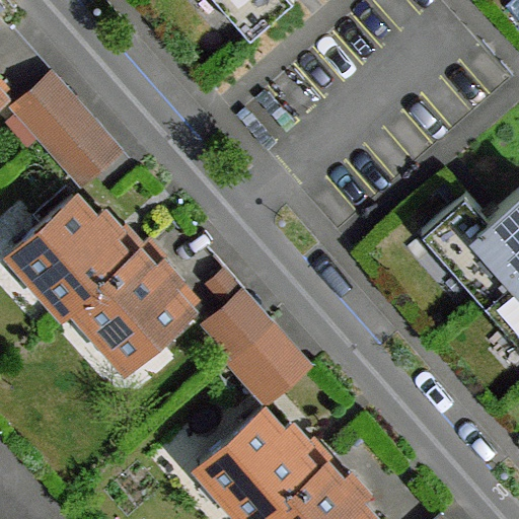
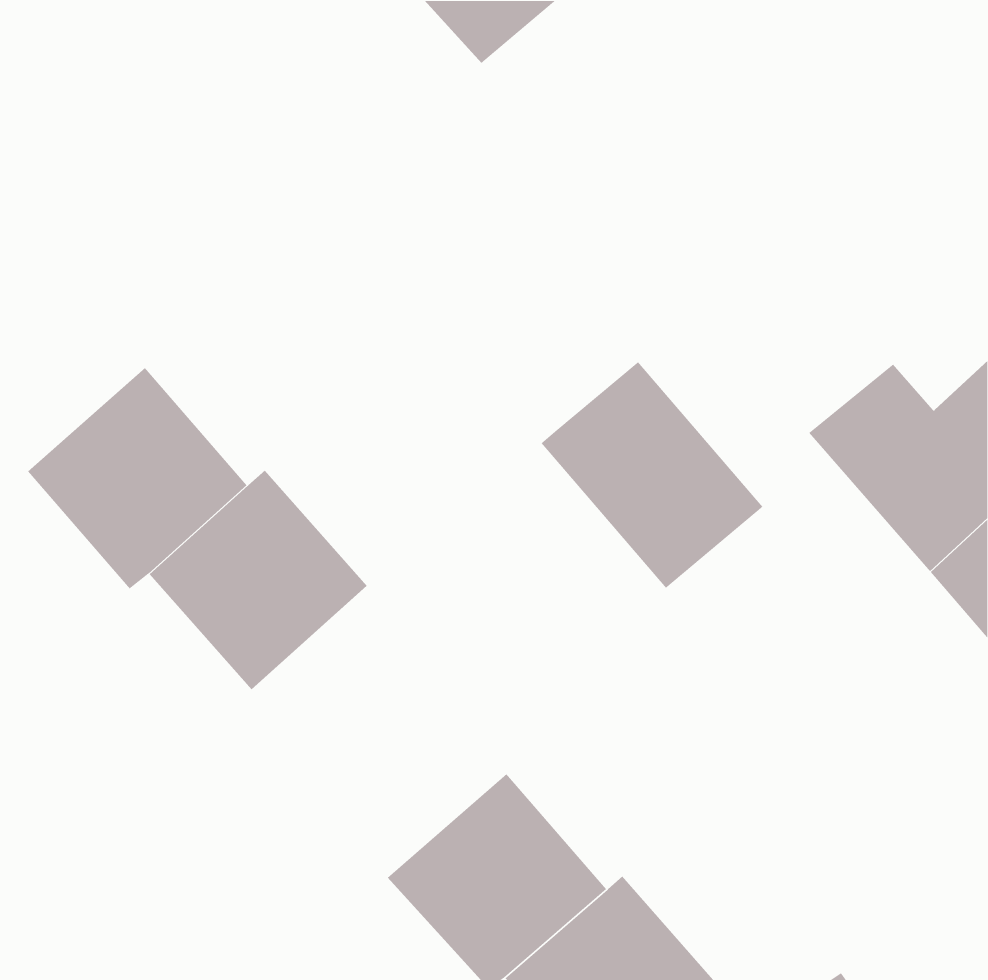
building: [12,71,119,181] -> none
building: none -> [541,361,764,589]
building: [205,289,313,410] -> none

